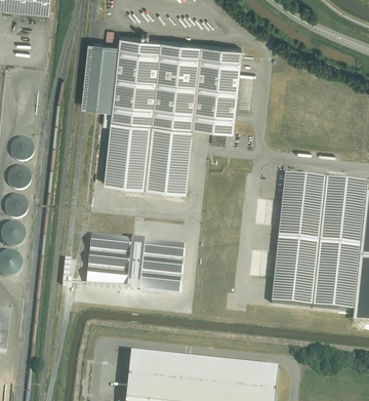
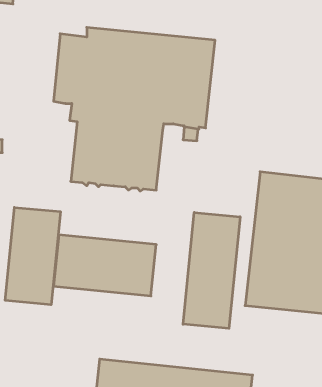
building: none -> [5,207,60,305]
building: none -> [183,212,240,328]

